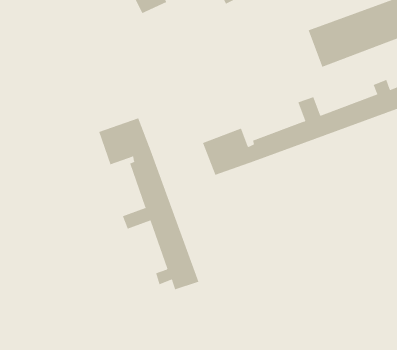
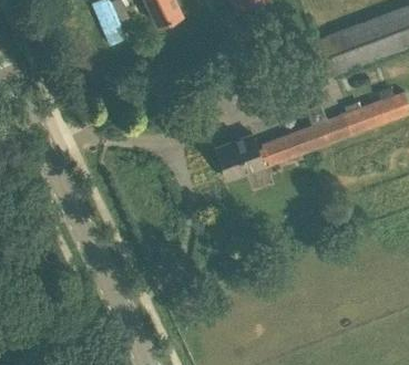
building: [99,118,199,290] -> none

